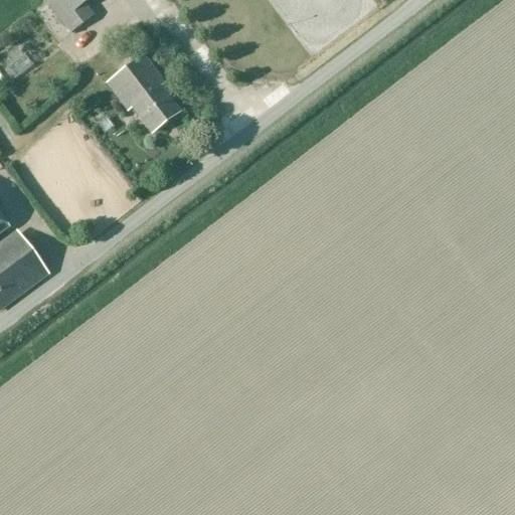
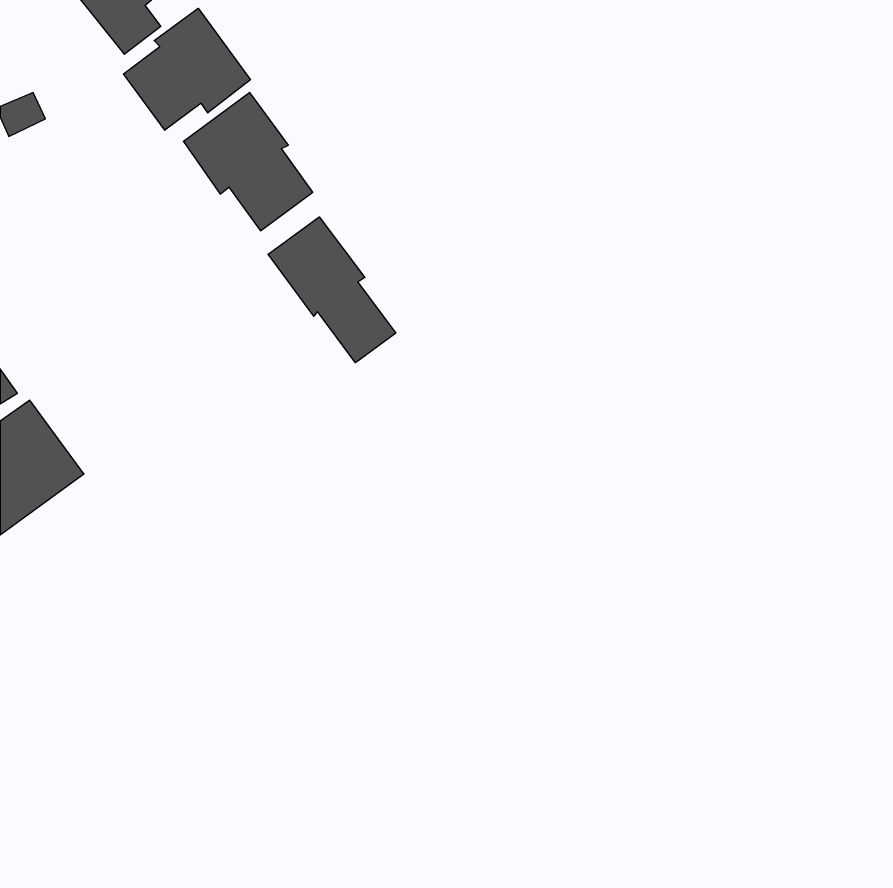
building: none -> [124,8,250,130]
building: none -> [268,217,396,363]

